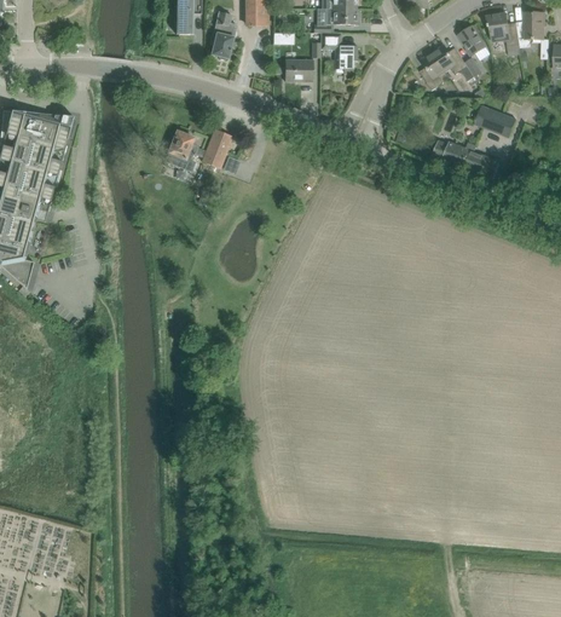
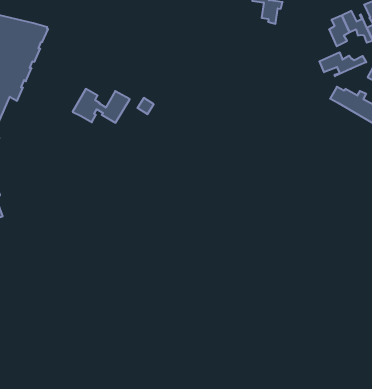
building: [285,59,313,80] -> none
building: none -> [319,52,366,76]
building: [166,128,233,171] -> [73,89,130,123]

